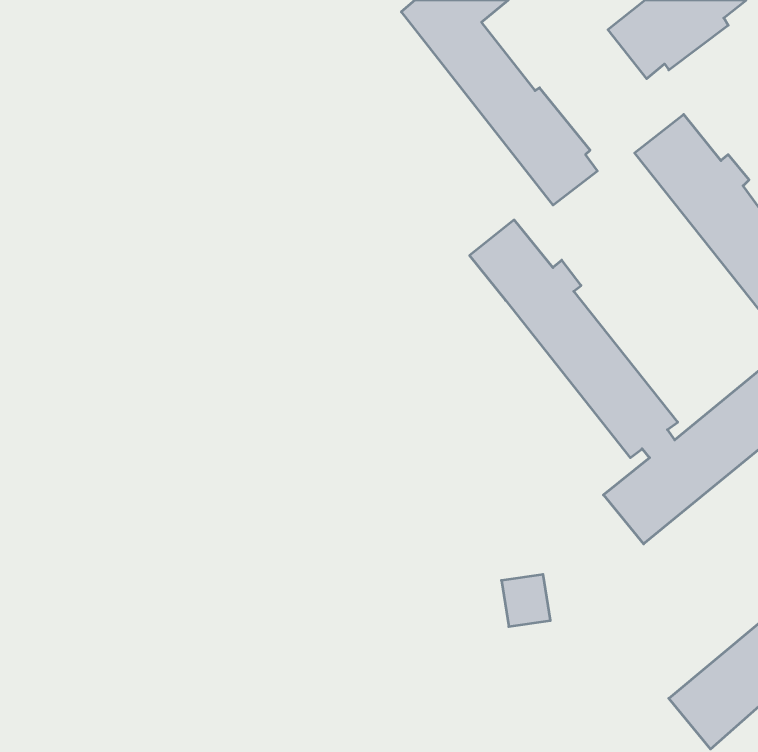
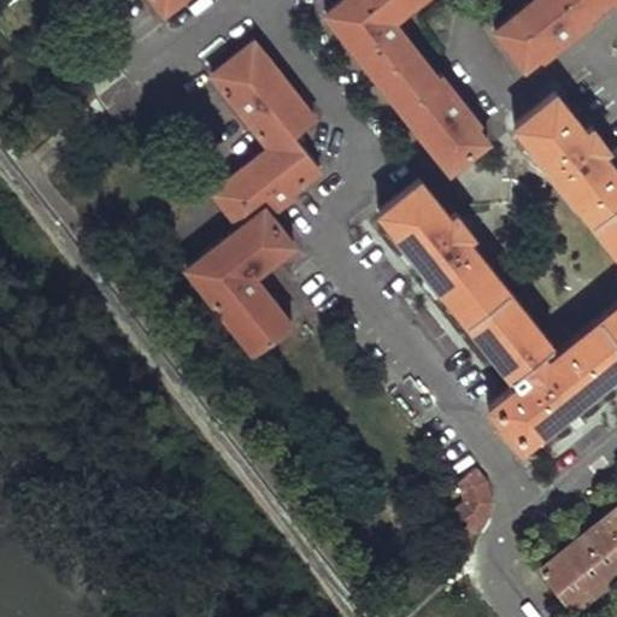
building: none -> [189,47,318,354]
building: [501,574,550,627] -> [454,482,494,524]

